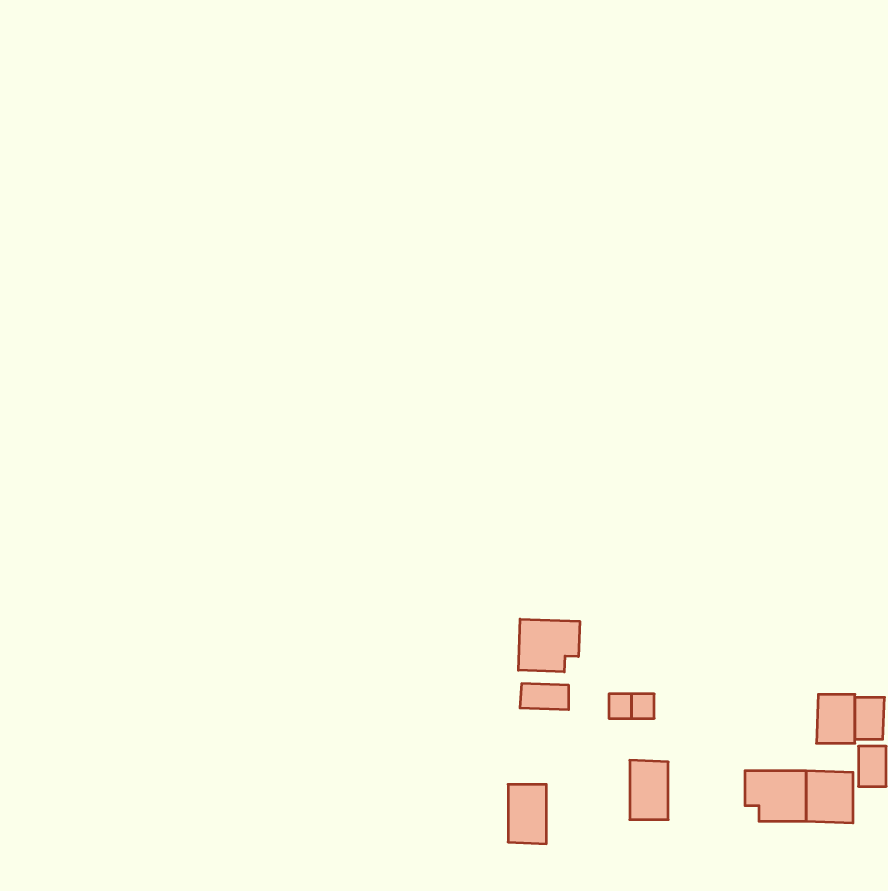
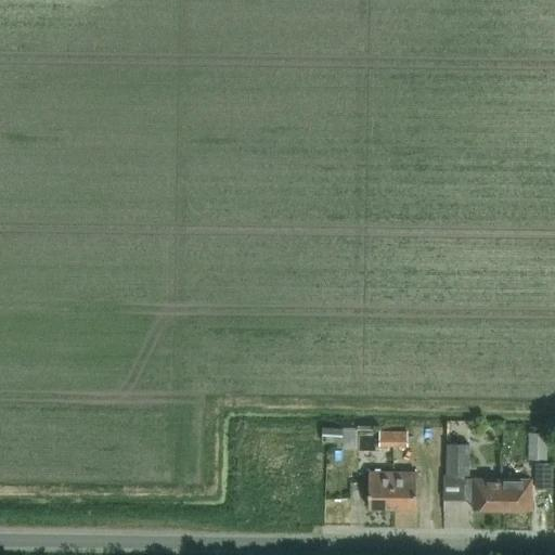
building: [518,619,580,672] -> none
building: [816,694,855,743] -> [444,444,468,475]
building: [508,784,546,844] -> [367,473,391,509]

